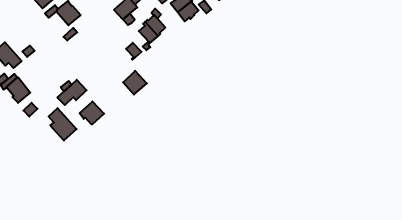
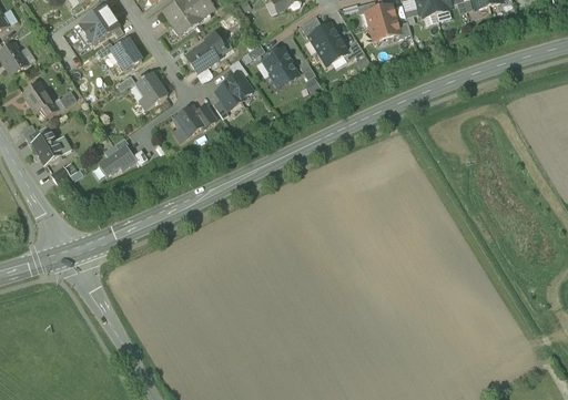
building: none -> [135,72,168,109]
building: [123,71,147,95] -> [173,104,204,135]
building: [80,101,104,124] -> none
building: [49,108,77,141] -> none

